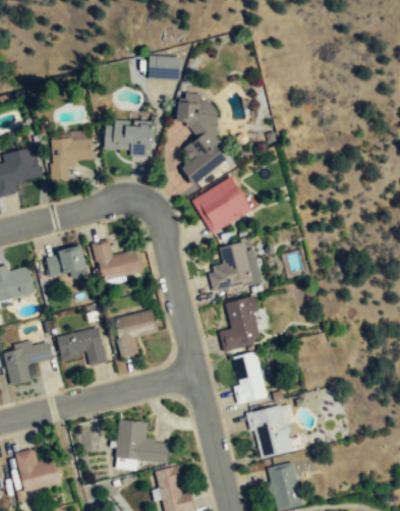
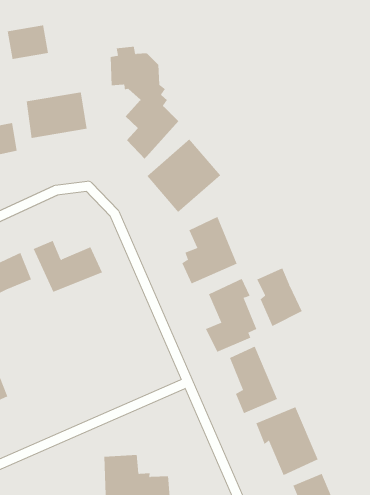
building: [150,57,180,80] -> [7,25,49,59]
building: none -> [257,268,303,327]
building: [113,307,160,357] -> none
building: [58,329,107,366] -> none

